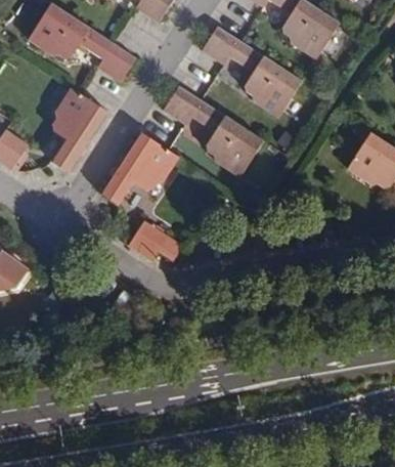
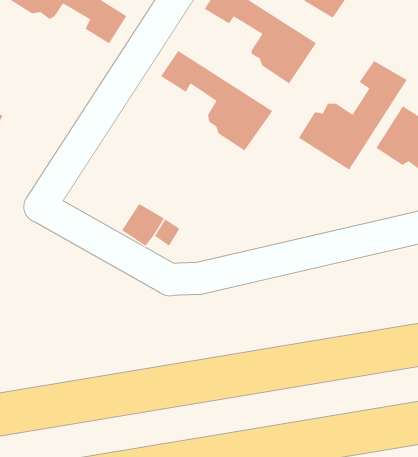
building: [51,89,107,171] -> none
building: none -> [298,60,407,171]
building: [101,132,176,205] -> none

